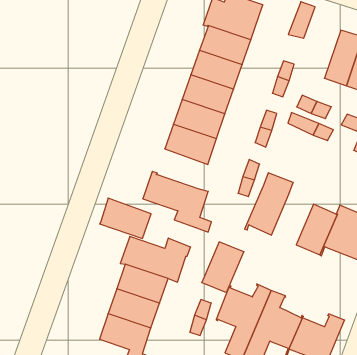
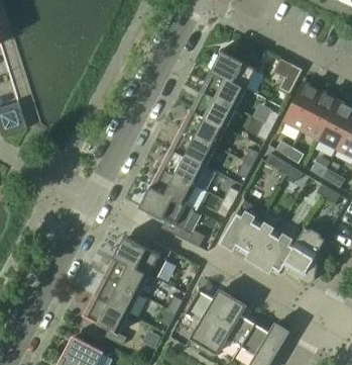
building: none -> [283,83,321,129]
building: [100,198,151,238] -> [152,168,196,205]
building: [202,242,244,292] -> [239,220,277,263]

